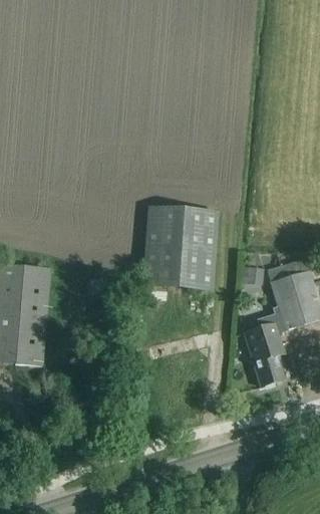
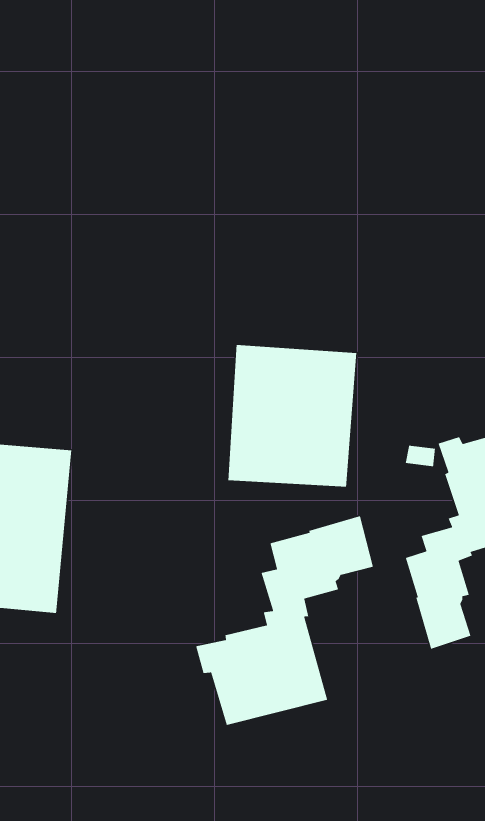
building: none -> [195,515,374,726]

